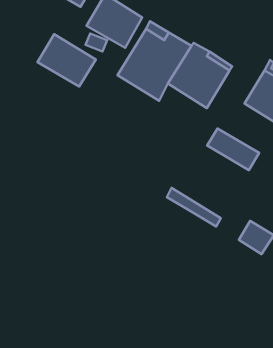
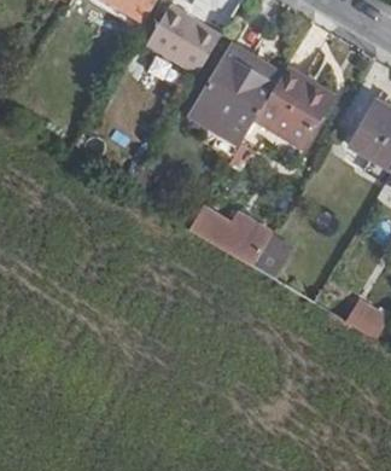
building: [37,34,96,87] -> none
building: [207,128,259,170] -> [188,205,255,258]

